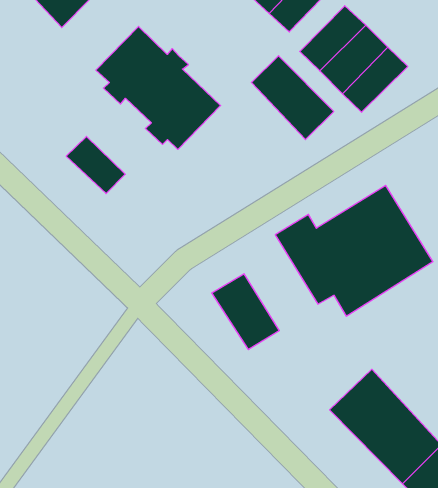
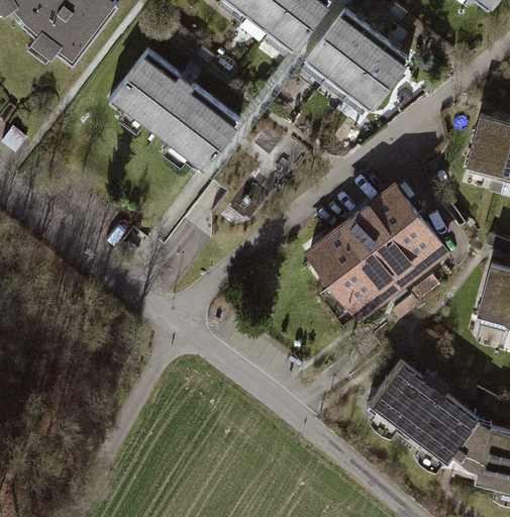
building: [251,56,334,140] -> none
building: [66,136,125,194] -> none
building: [212,274,279,350] -> none

